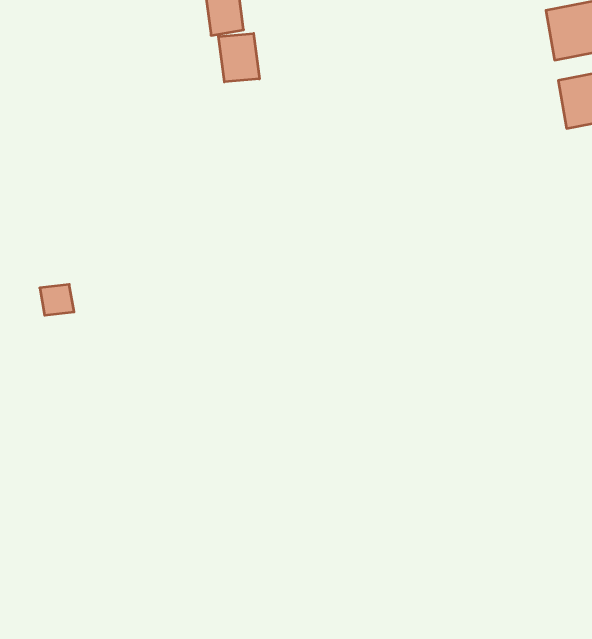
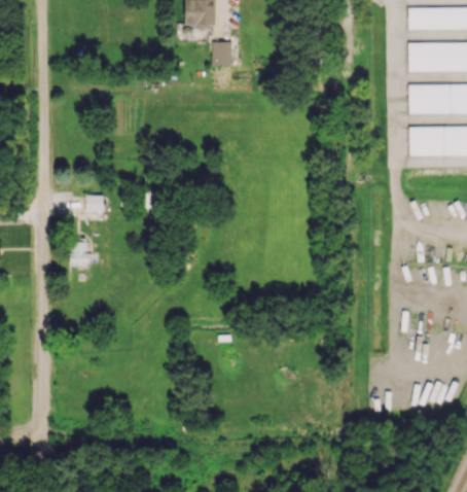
building: [218,33,259,82] -> none
building: none -> [70,242,88,267]

